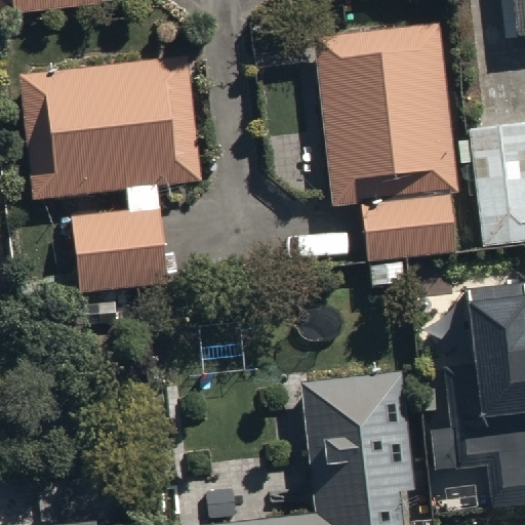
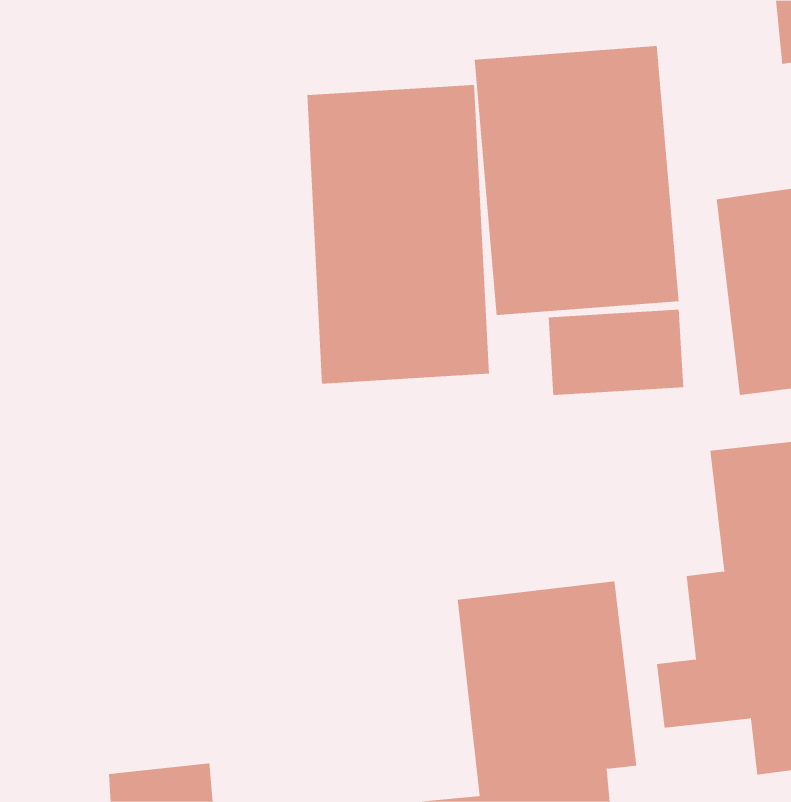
building: none -> [307,84,489,385]
building: [17,57,184,191] -> none
building: [67,215,150,287] -> none

